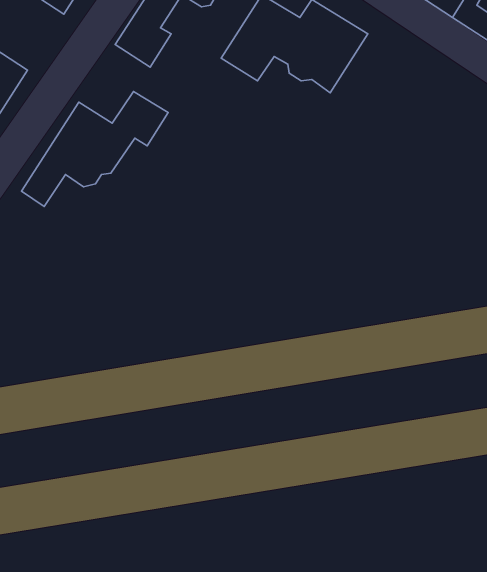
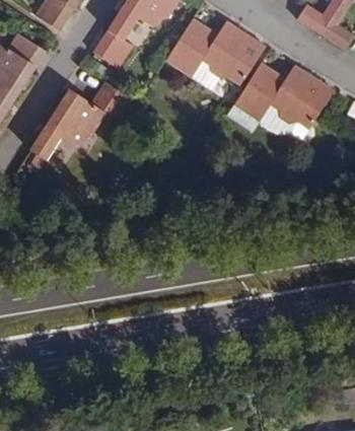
building: none -> [233,62,332,127]

